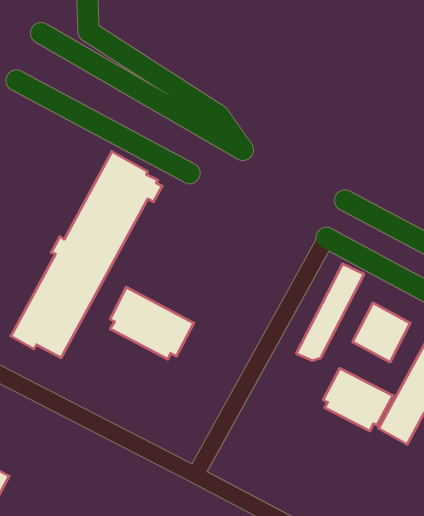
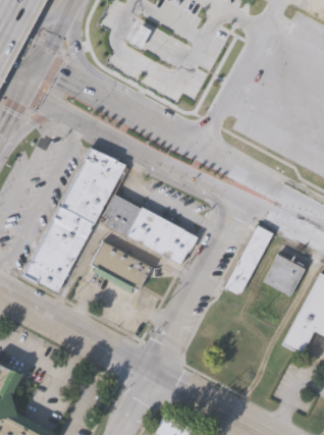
building: none -> [103,195,198,266]
building: [323,368,393,431] -> none

